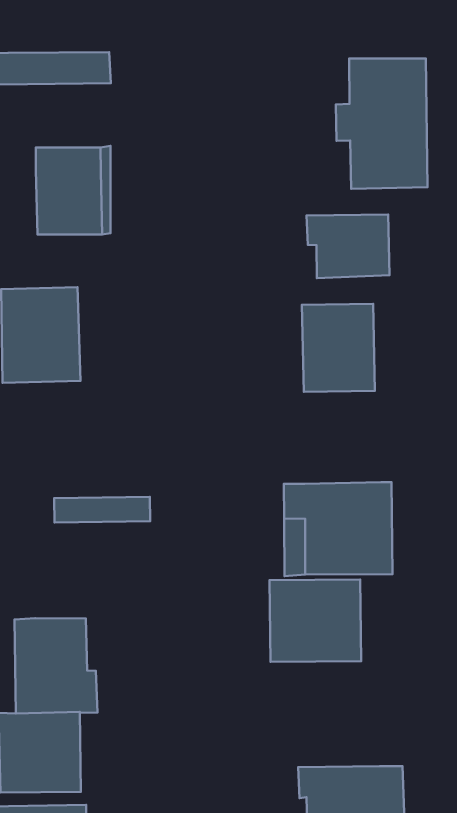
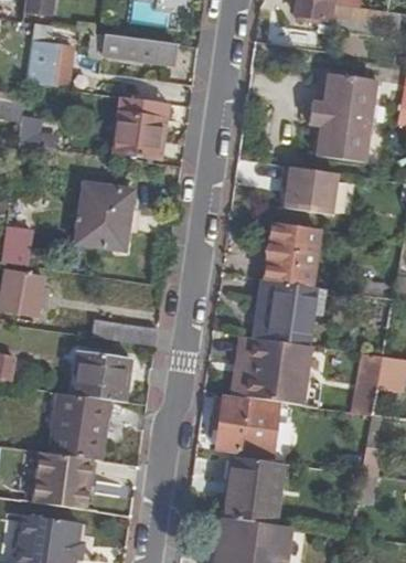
building: none -> [256,279,327,344]
building: none -> [72,354,131,404]
building: none -> [223,456,284,524]

